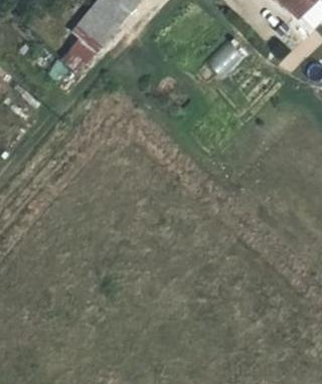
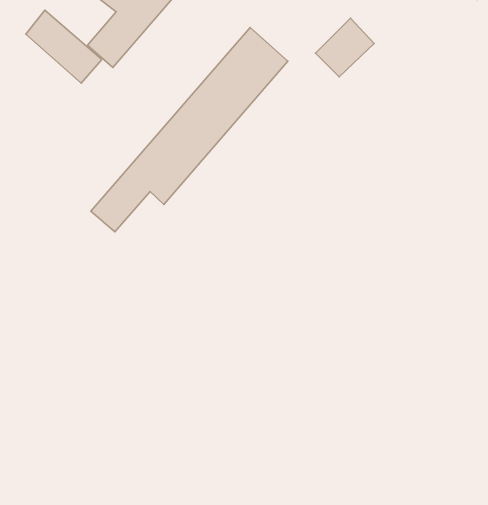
building: none -> [91,27,288,232]

